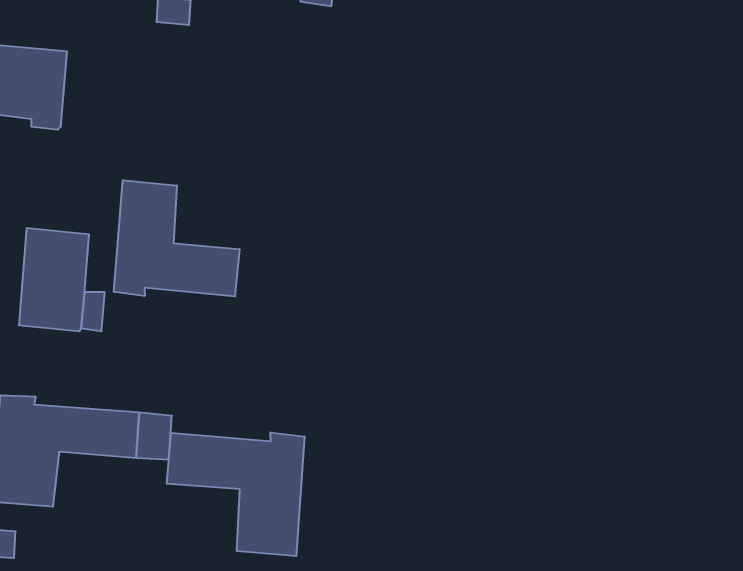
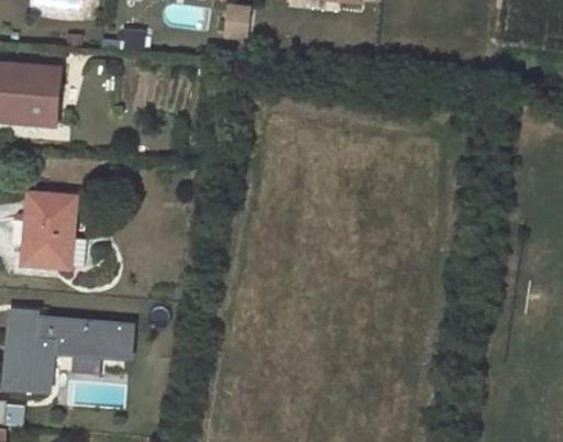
building: [114,180,240,297] -> none
building: [167,432,304,556] -> none

